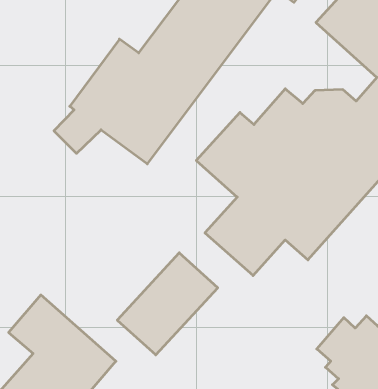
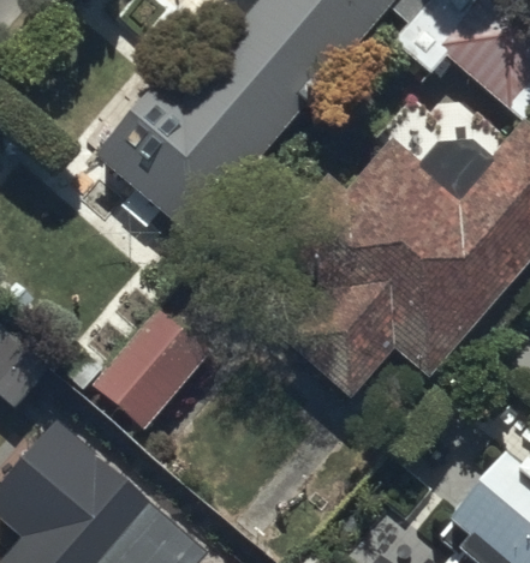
building: [117,253,218,355] -> [90,289,228,430]

